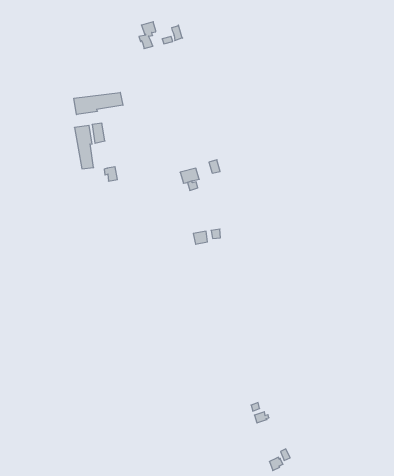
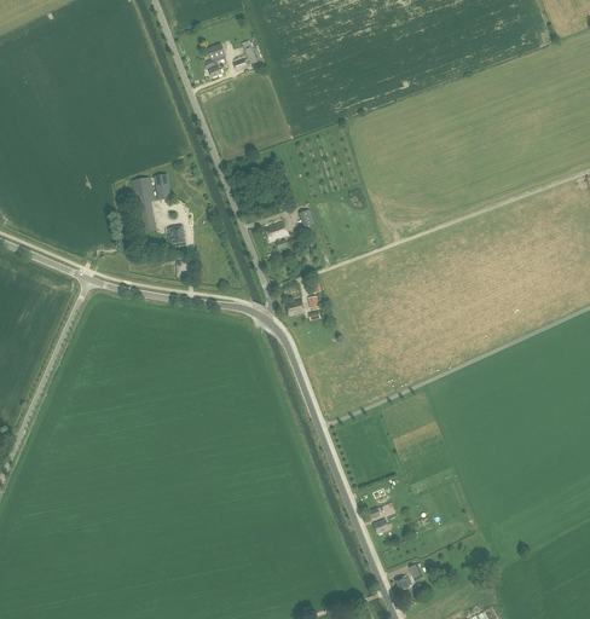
building: [74,92,123,115] -> none

